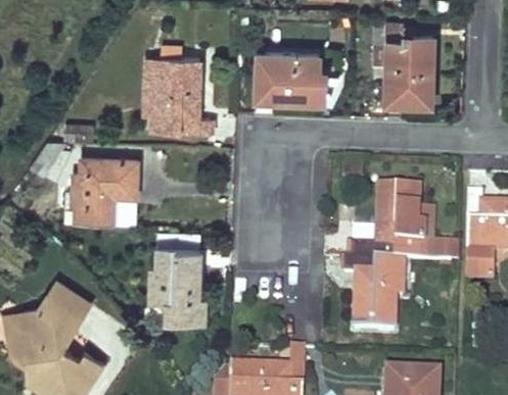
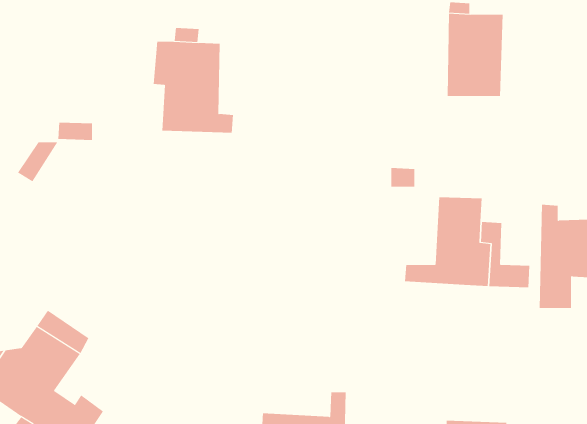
building: [256,54,326,101] -> none
building: [71,157,139,225] -> none
building: [148,245,206,315] -> none
building: [343,257,403,333] -> none

